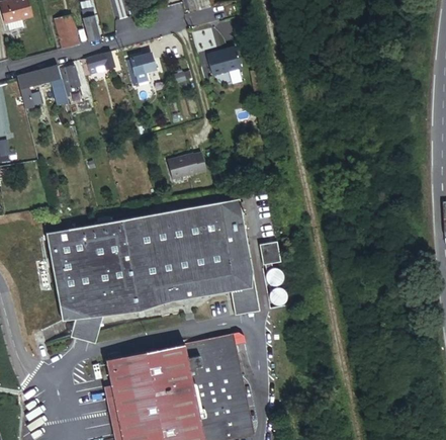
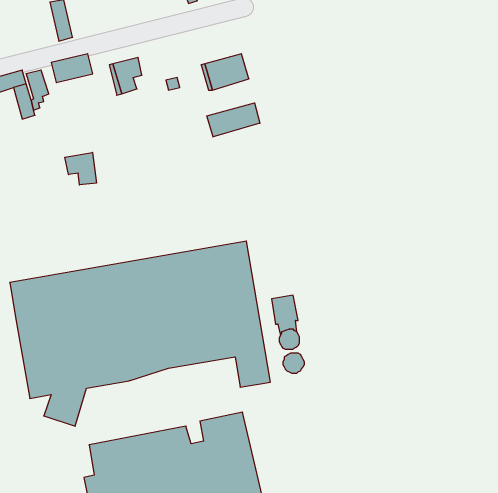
building: [54,12,77,45] -> none
building: none -> [207,103,260,137]
building: none -> [65,152,96,185]
building: [164,153,203,181] -> none

